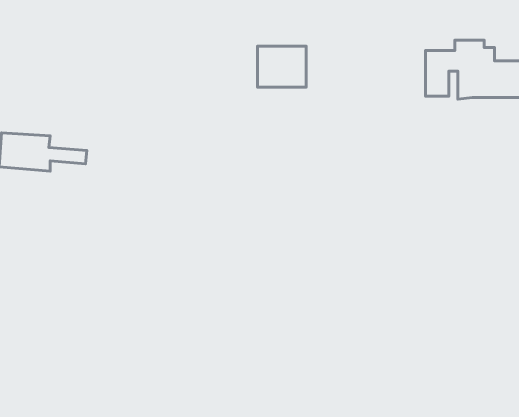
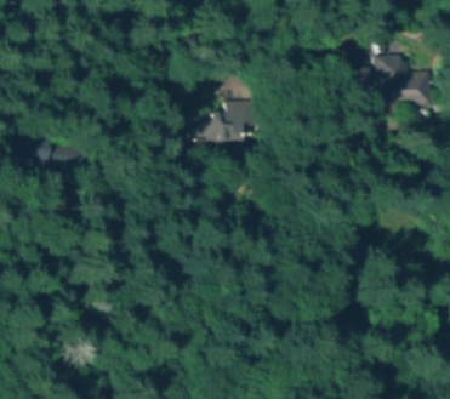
building: none -> [194,103,254,141]

